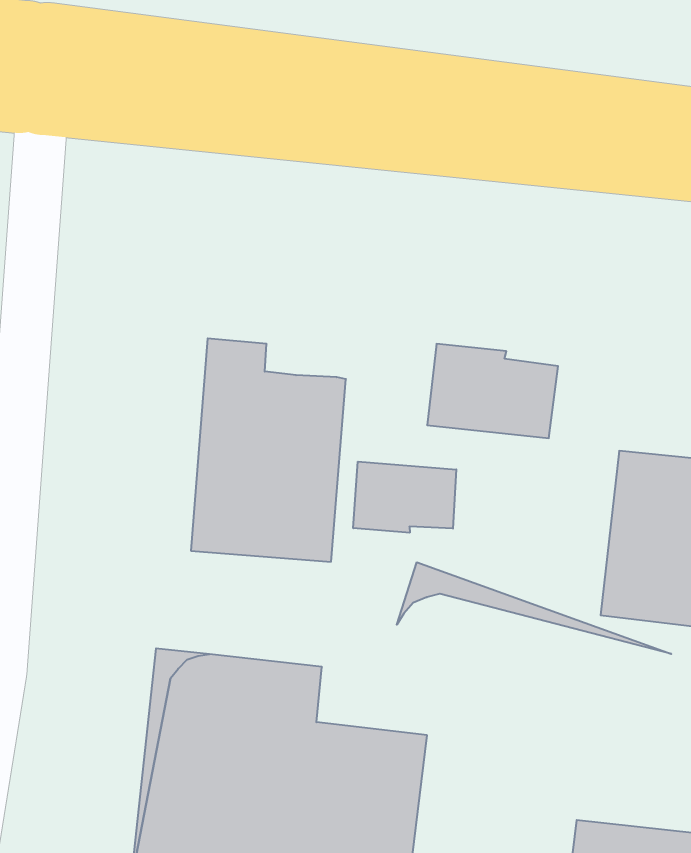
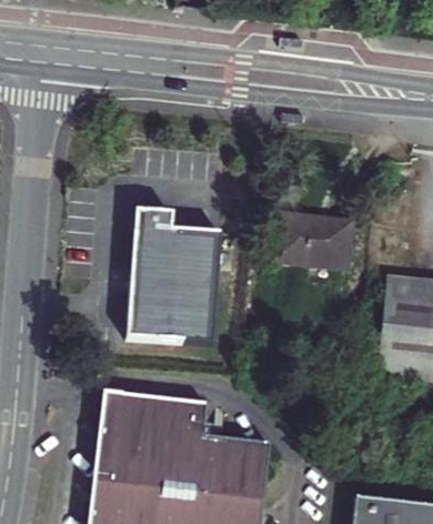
building: [353,462,456,533] -> none
building: [397,562,671,654] -> none

